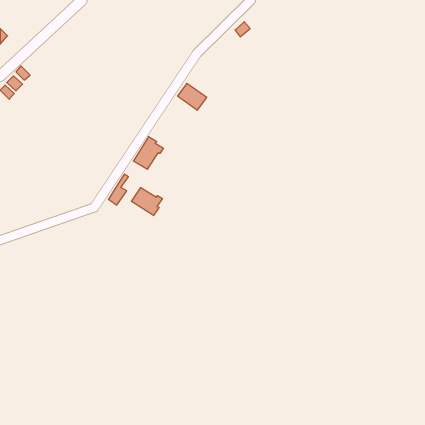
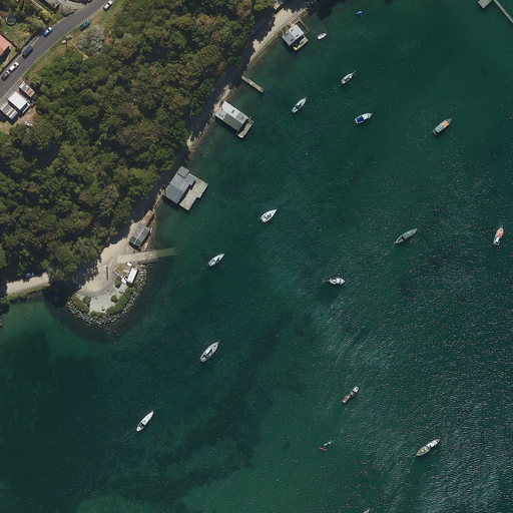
building: [132,188,162,216] -> none

